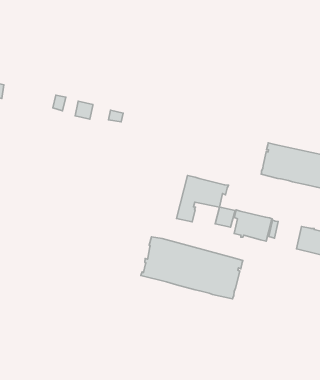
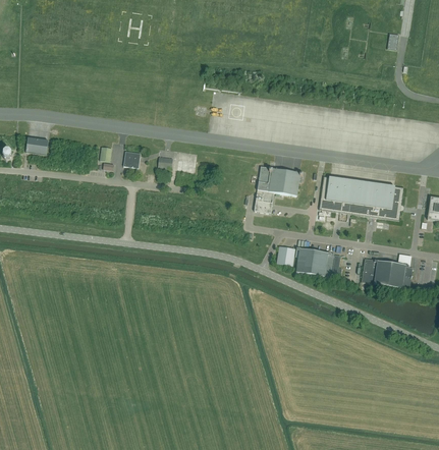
building: [177,176,228,222] -> [254,165,304,212]
building: [141,237,243,299] -> none

